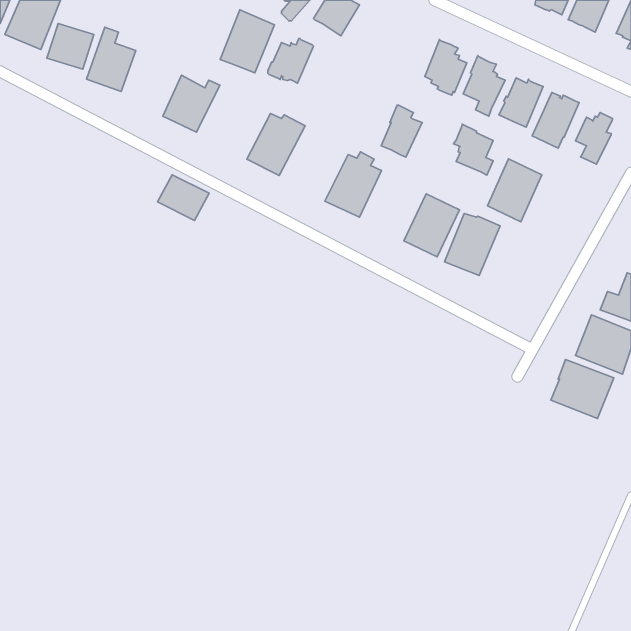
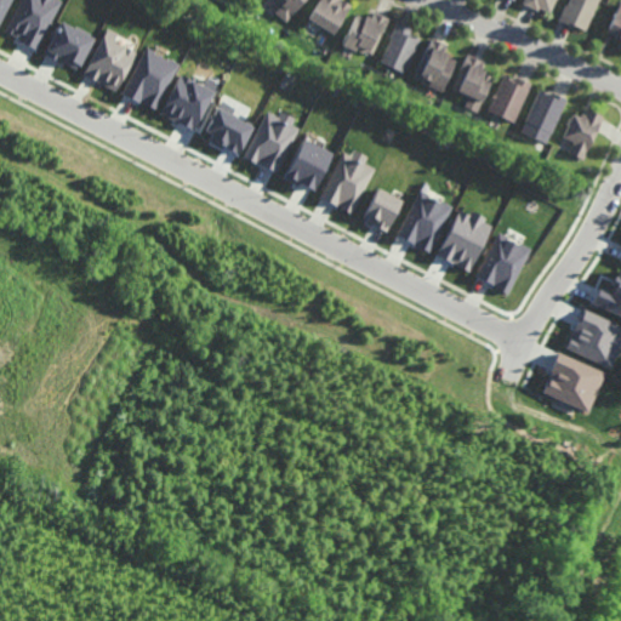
building: [220,10,274,73] -> [123,47,176,109]
building: [268,39,314,83] -> [344,12,389,56]
building: [381,105,422,157] -> [382,23,422,74]
building: [454,124,493,175] -> none
building: none -> [283,138,331,192]
building: [488,159,542,222] -> [475,232,529,294]
building: [157,175,209,220] -> [201,108,252,153]
building: none -> [363,188,400,230]

